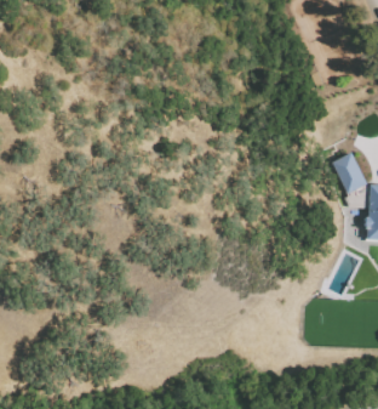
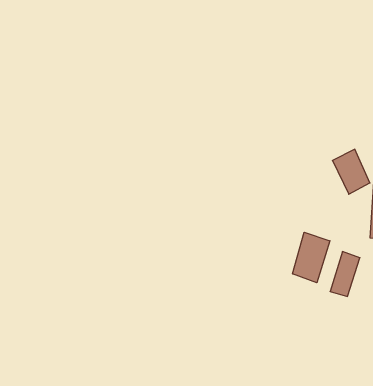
building: none -> [293,232,330,283]

